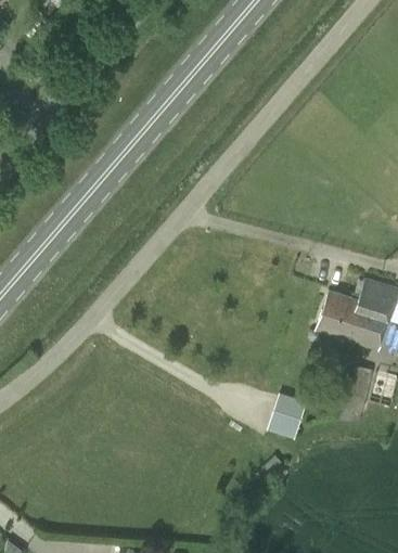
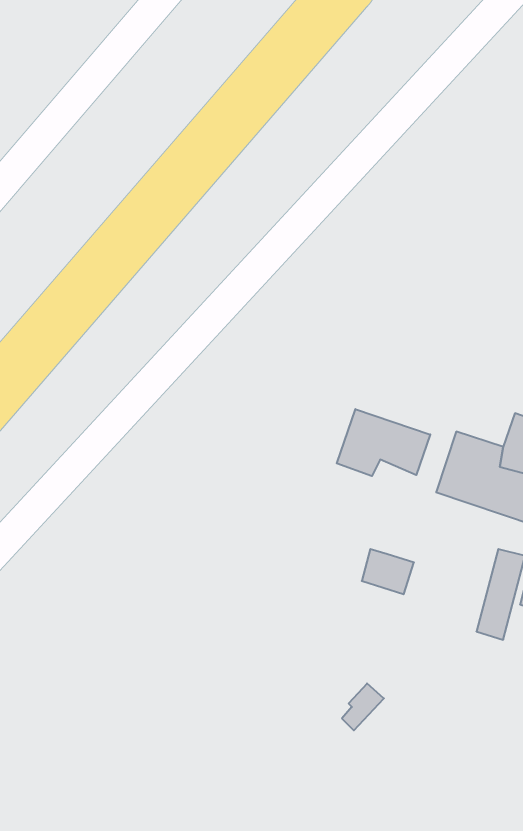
building: none -> [337,409,430,476]
building: [268,410,301,439] -> [362,549,414,594]

